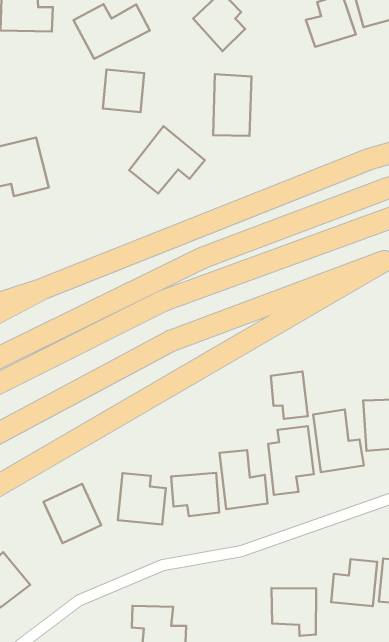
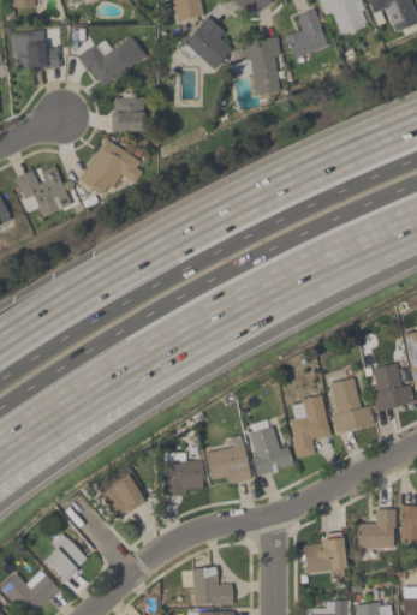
building: [213,74,251,136] -> [246,38,282,94]
building: [129,126,205,193] -> [79,137,145,197]
building: [271,372,308,419] -> none

